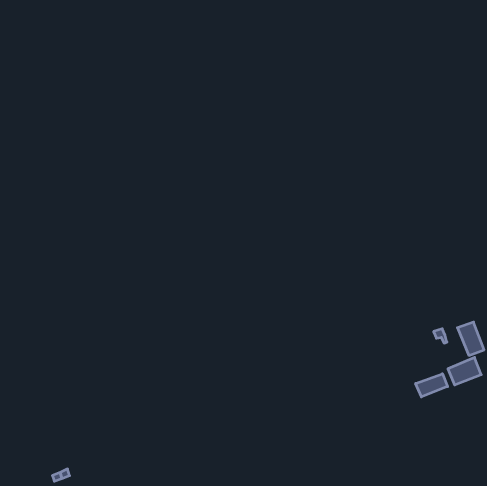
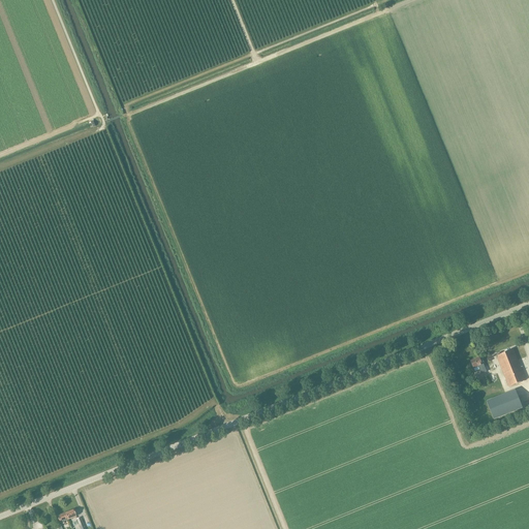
building: [416,374,448,397] -> none

